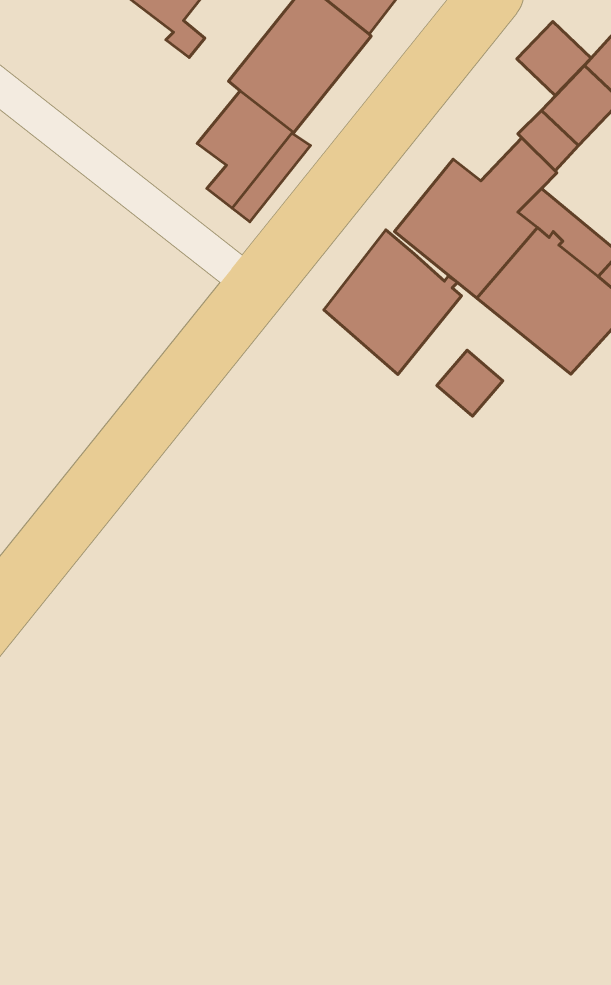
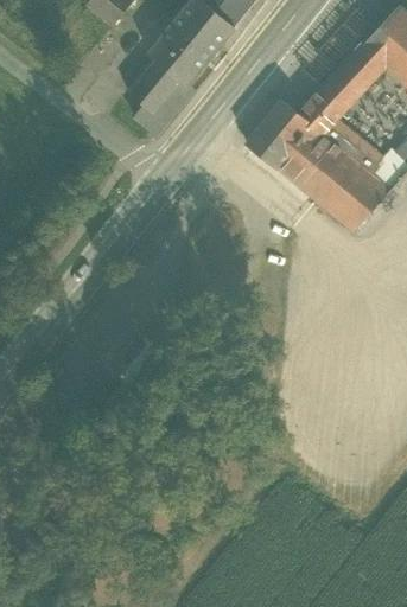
building: [517,21,591,95] -> none
building: [324,230,462,374] -> none
building: [437,350,503,416] -> none

